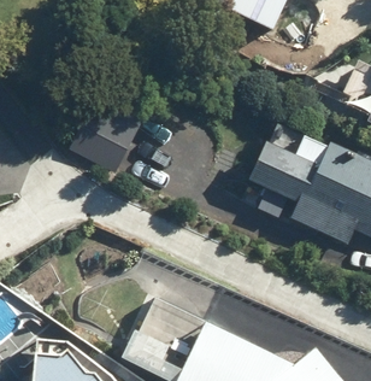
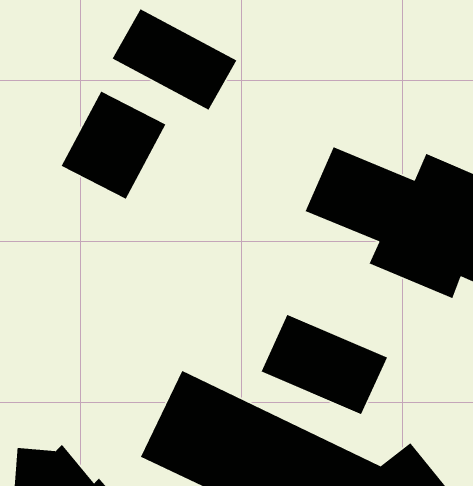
building: none -> [111,8,237,111]
building: none -> [260,314,388,415]

